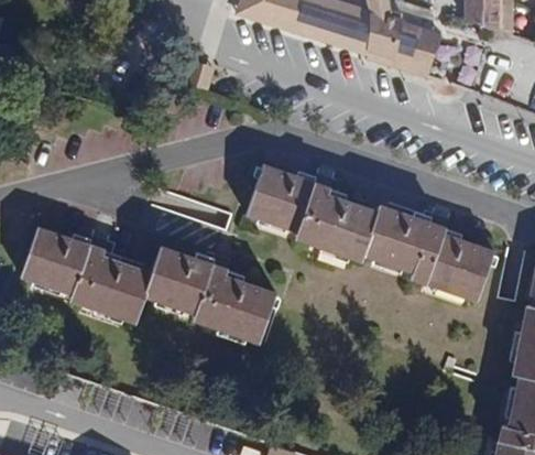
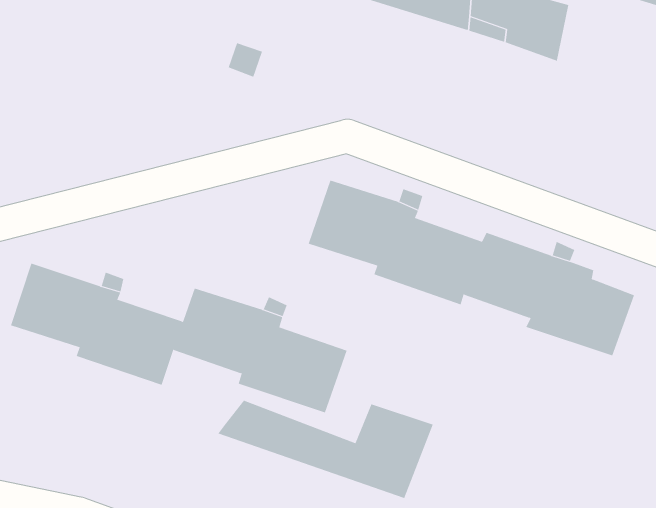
building: none -> [218,400,434,499]

